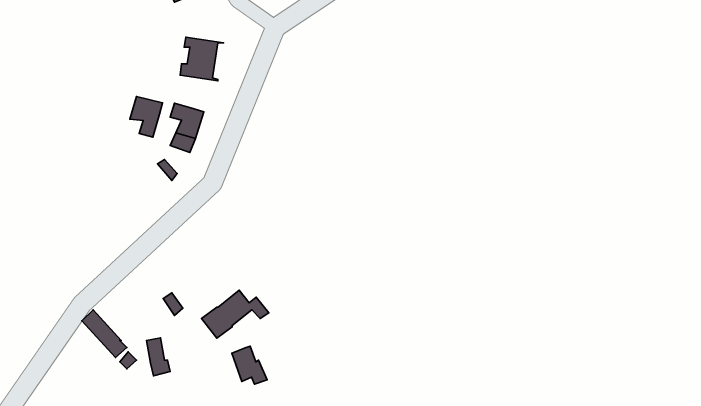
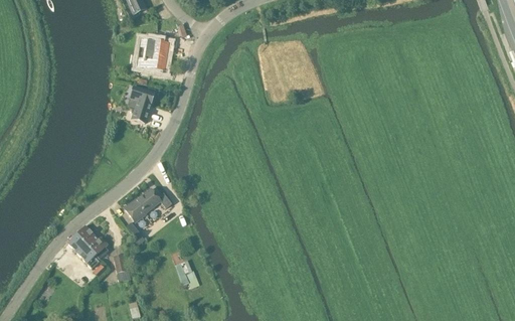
building: [130,96,163,137] -> none
building: [201,290,269,338] -> [124,187,172,221]
building: none -> [75,225,109,256]

